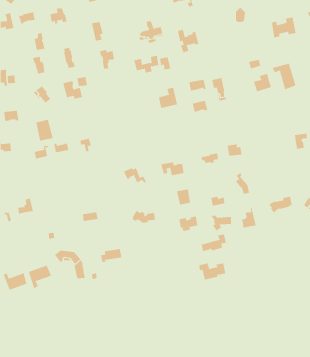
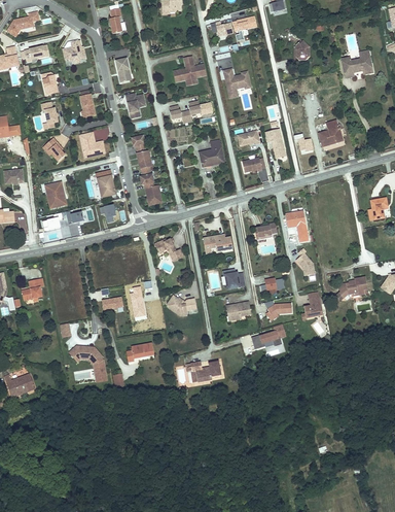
building: [272,63,296,90] -> none
building: none -> [133,135,161,204]
building: none -> [96,170,116,196]
building: [198,263,226,280] -> [187,361,222,382]
building: [28,265,52,289] -> none

